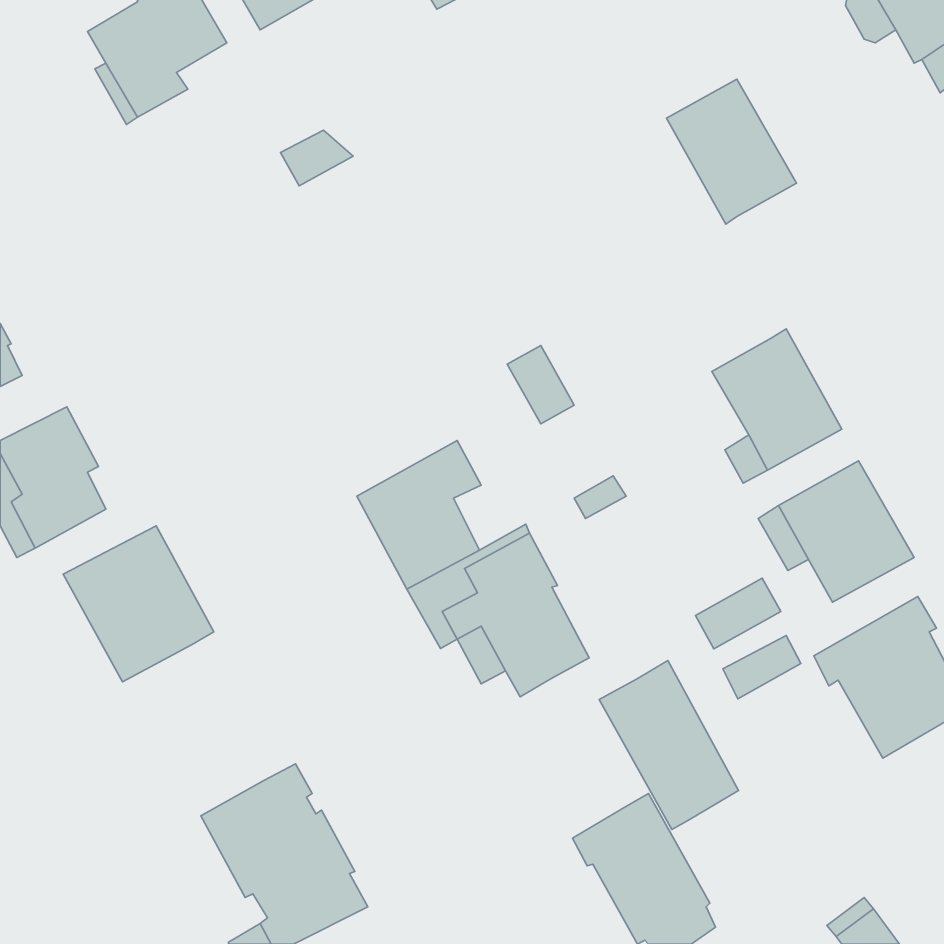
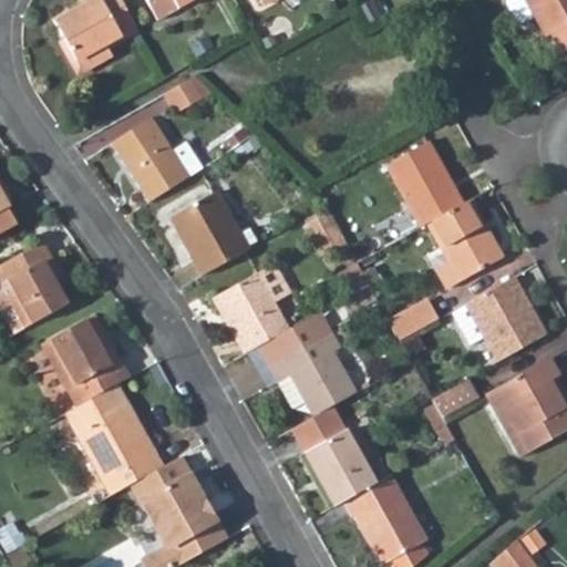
building: [666,79,796,224] -> [385,140,463,226]
building: none -> [117,118,192,203]
building: none -> [172,193,249,275]
building: [695,578,781,649] -> [389,297,440,339]
building: none -> [64,384,161,495]
building: [599,660,739,830] -> [291,404,374,505]

